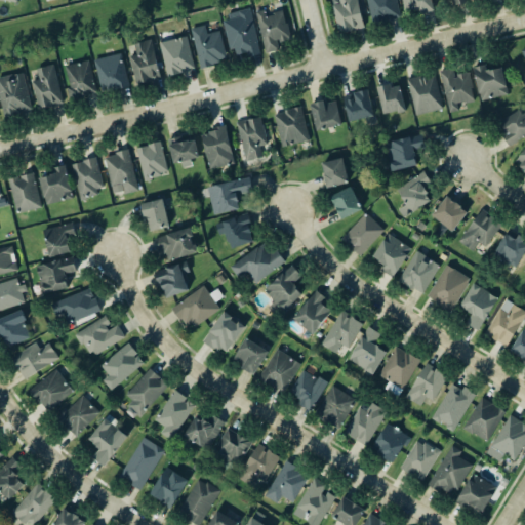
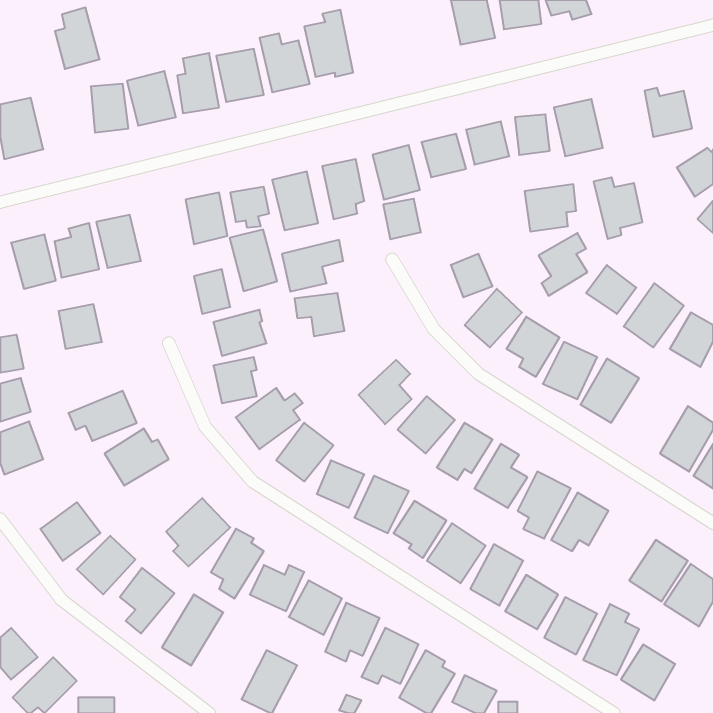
building: [257,9,289,52] -> none
building: [31,64,64,109] -> [55,8,100,69]
building: [439,68,475,113] -> [594,177,642,239]
building: [104,150,138,195] -> [230,230,277,291]
building: [321,158,349,188] -> [383,199,421,239]
building: [230,244,286,282] -> none
building: [36,256,76,293] -> none
building: [459,283,498,330] -> none
building: [12,342,58,377] -> none
building: [99,342,145,391] -> none
building: [432,381,475,431] -> none
building: [150,466,189,507] -> none

